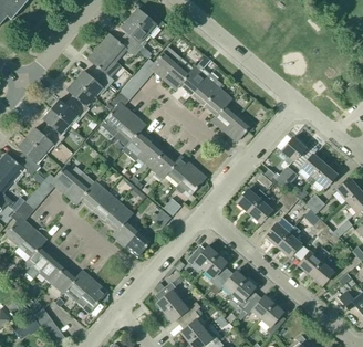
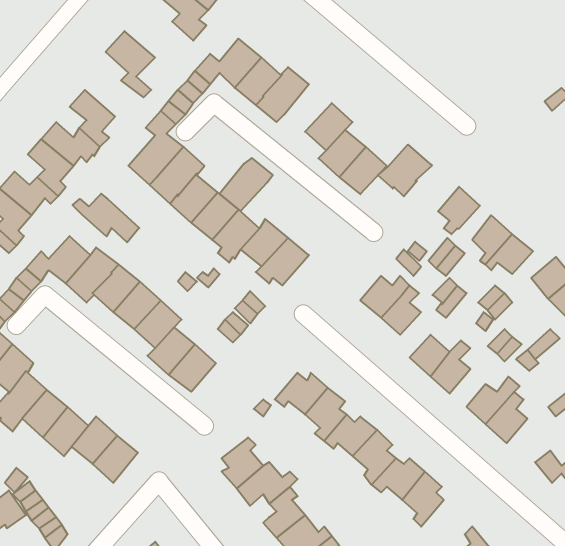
building: [98,33,138,61] -> none
building: [75,70,110,95] -> none
building: [191,73,222,104] -> [220,158,273,211]
building: none -> [378,145,432,196]
building: none -> [73,194,139,242]

